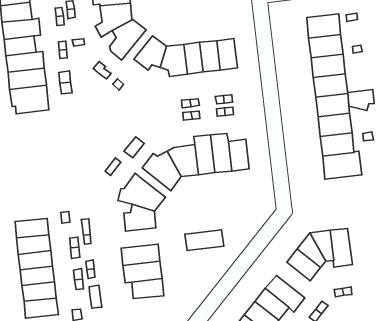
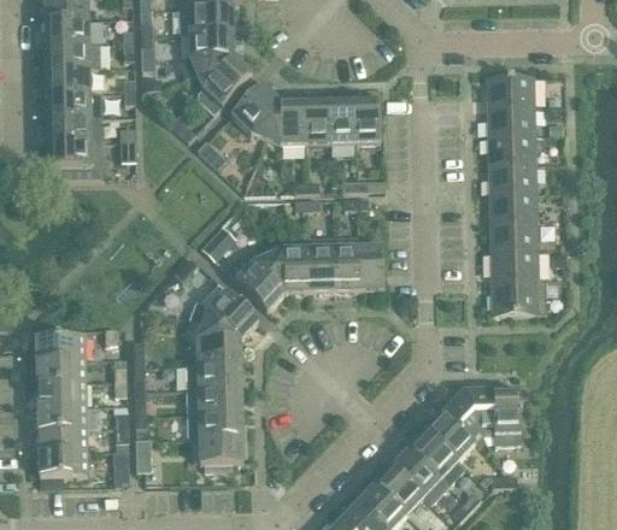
building: [348,89,374,110] -> none
building: [185,230,224,250] -> [187,361,242,387]
building: none -> [410,429,465,483]

